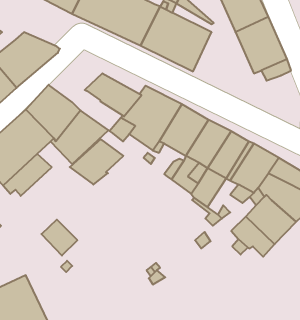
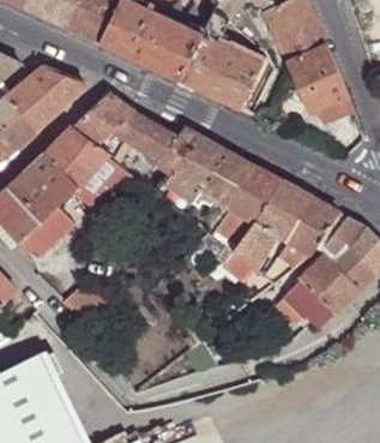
building: [70,139,123,185] -> [72,94,134,146]

